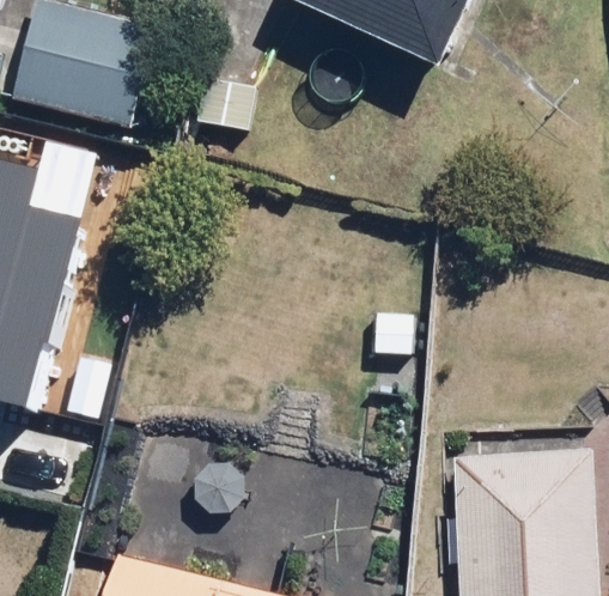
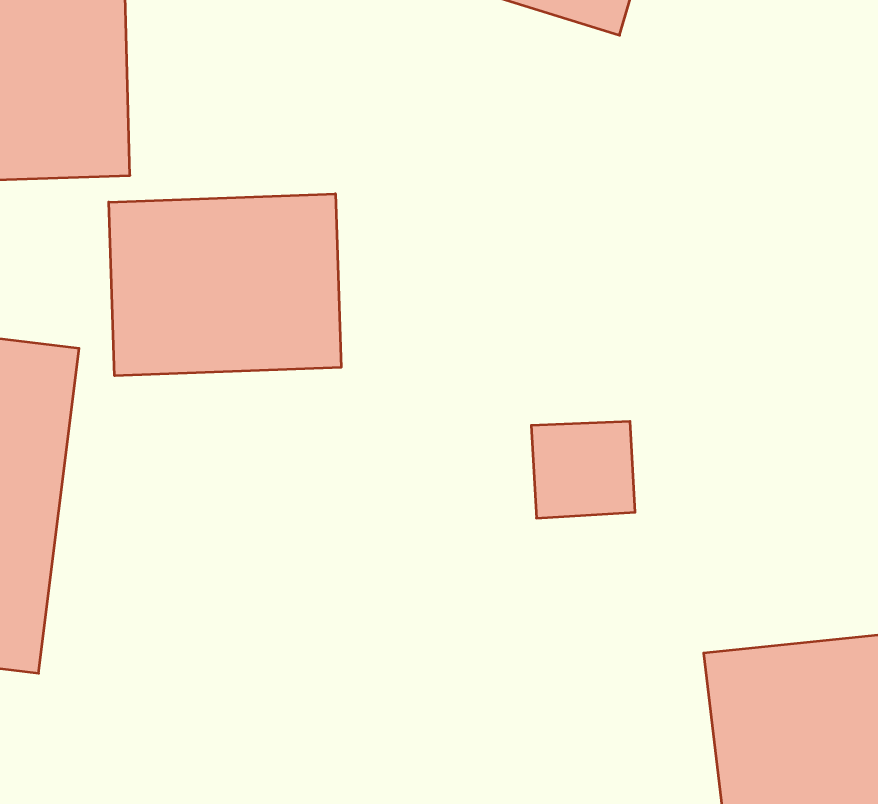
building: none -> [109,194,341,376]

